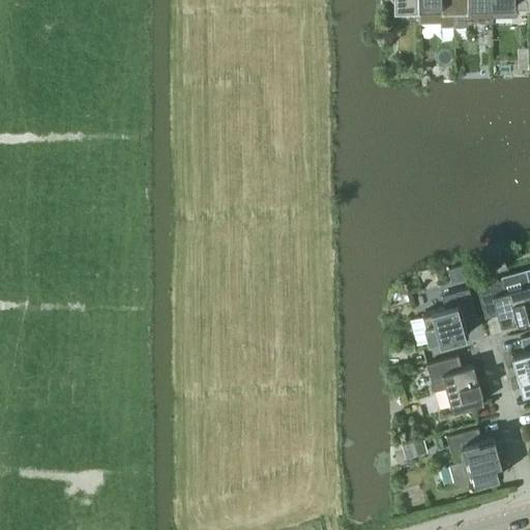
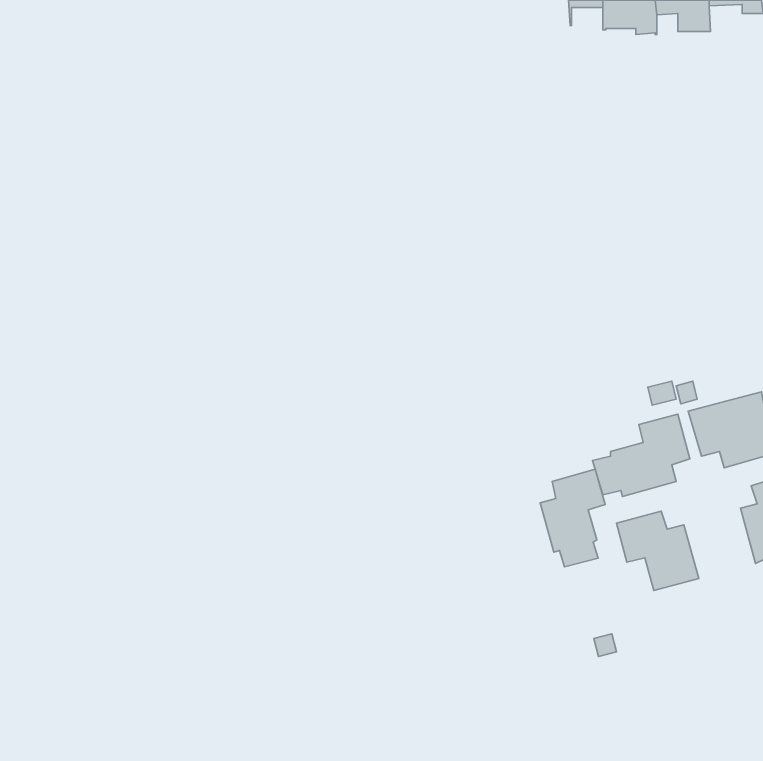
building: none -> [540,469,605,567]
building: [447,428,504,488] -> none

